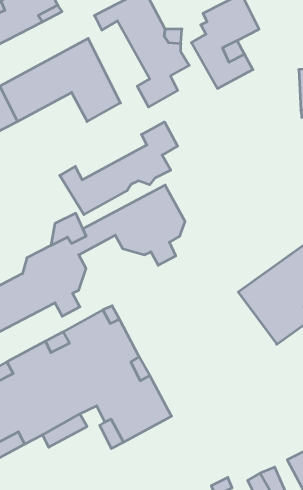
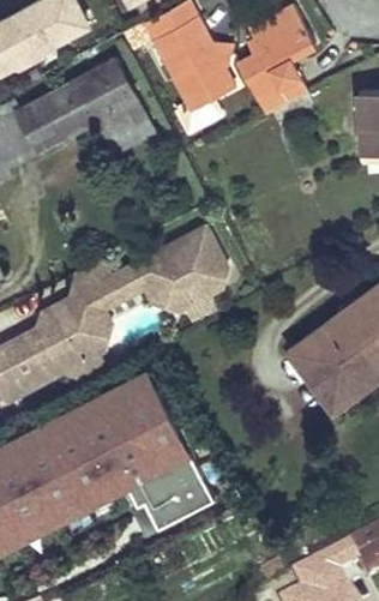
building: [60,122,178,215] -> none

